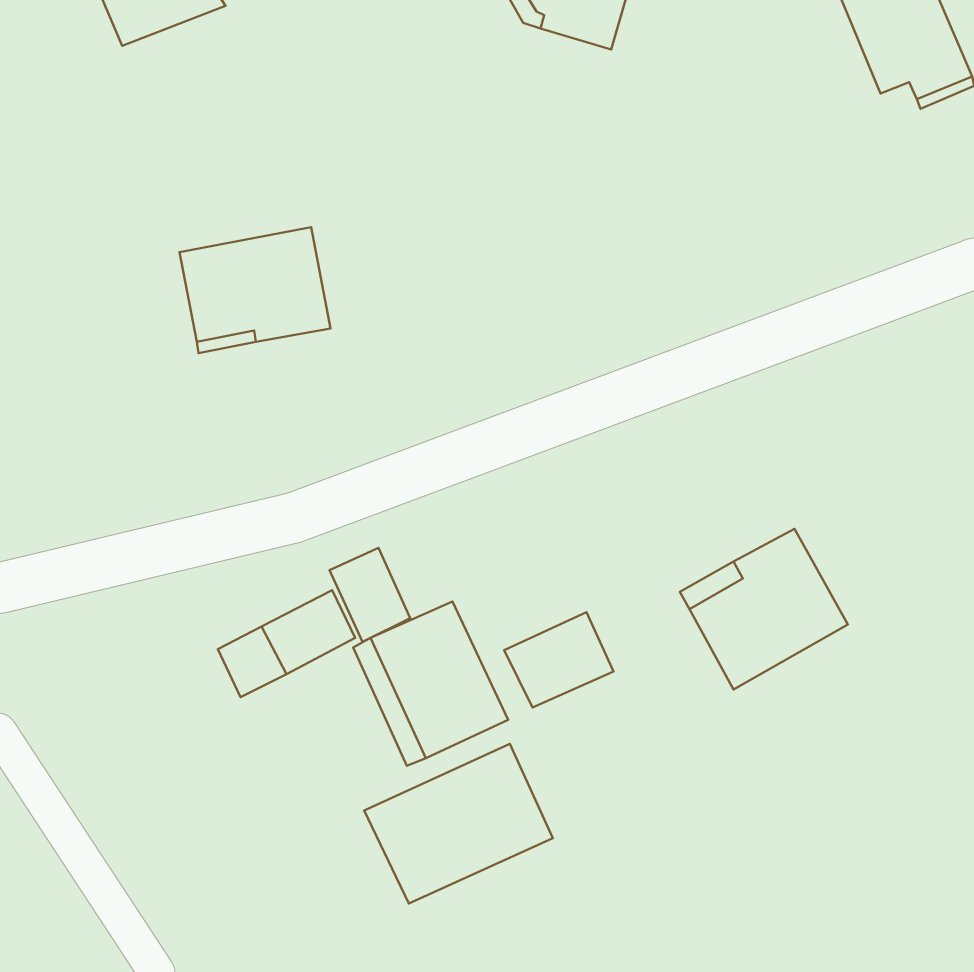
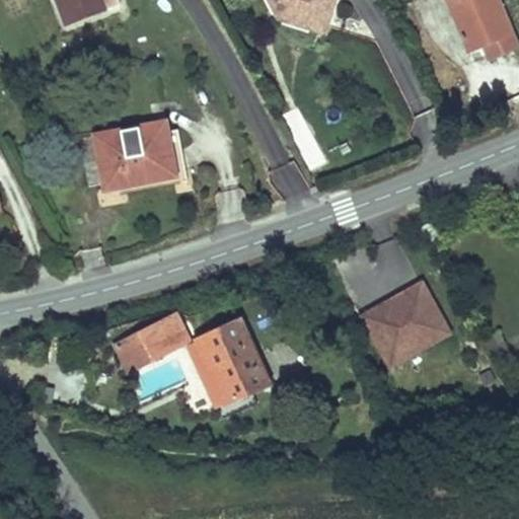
building: [329,548,410,642] -> none
building: [504,612,613,708] -> none
building: [364,744,553,903] -> none

